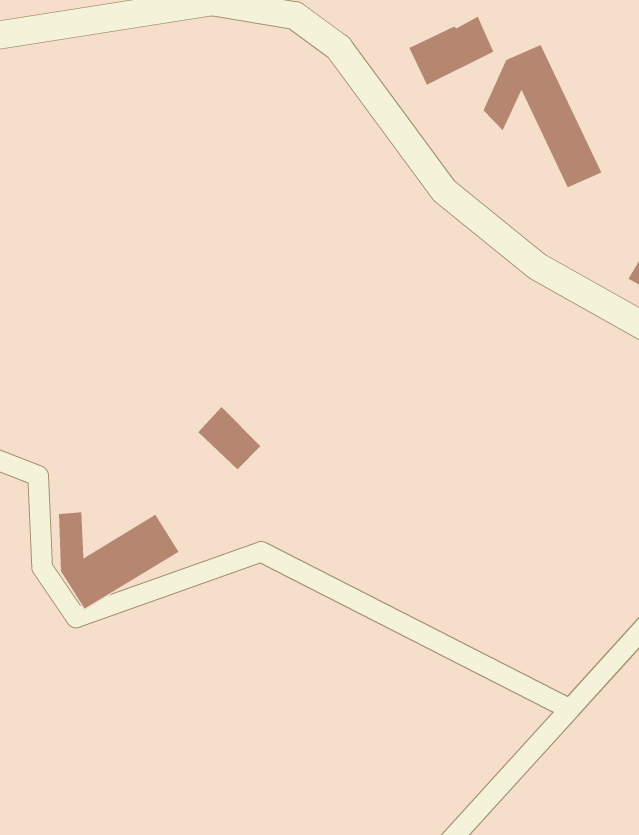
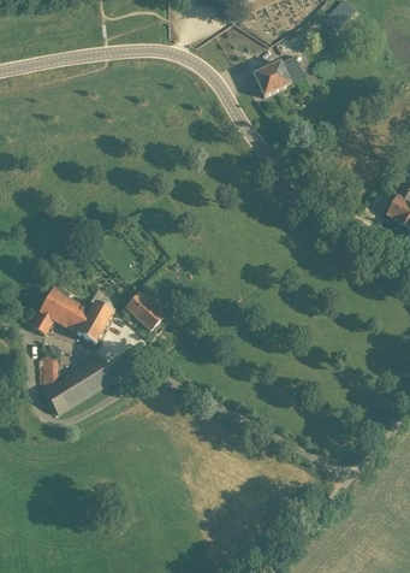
building: [483,44,602,188] -> none
building: none -> [31,286,114,342]

